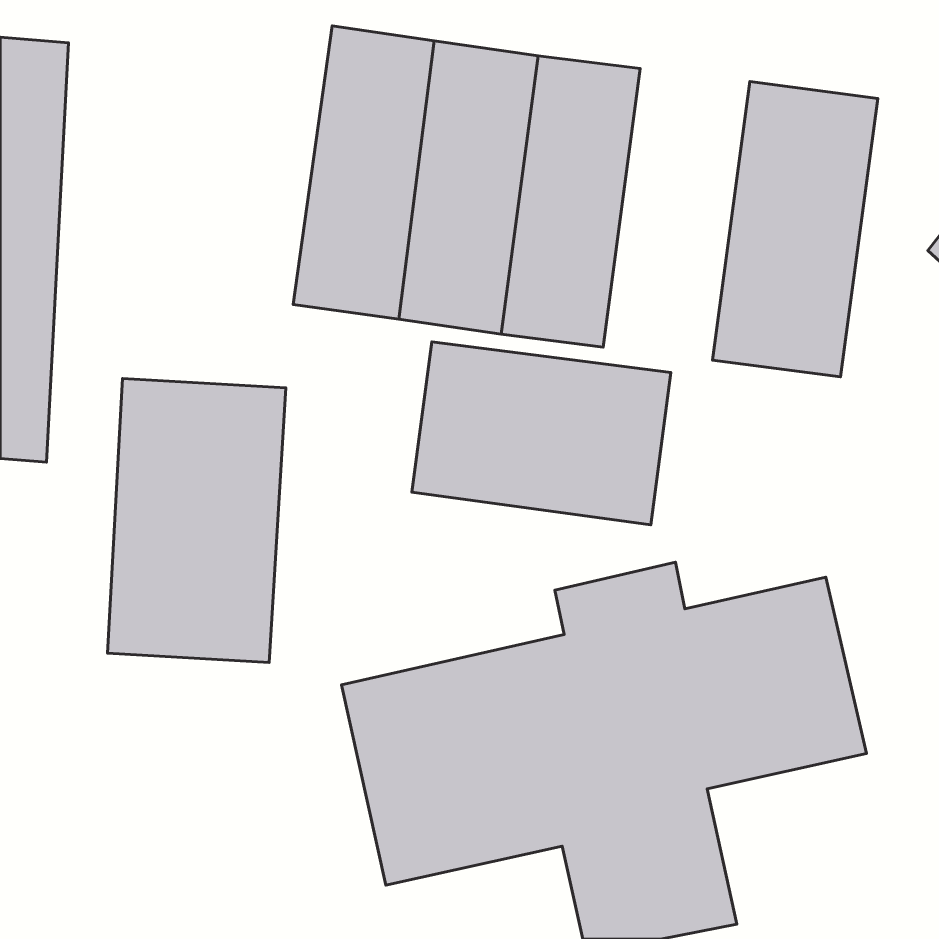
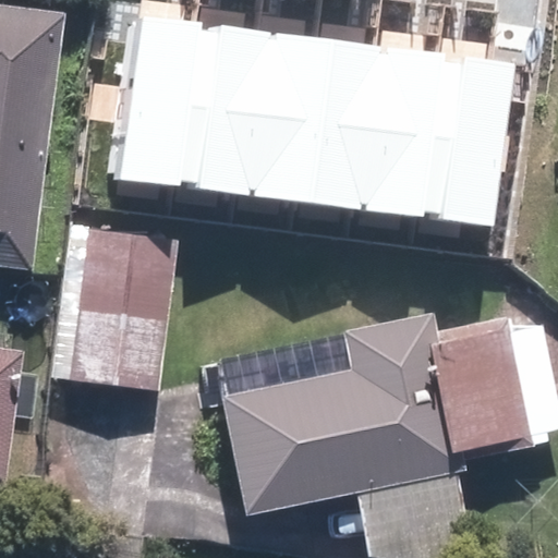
building: none -> [116,8,201,179]
building: none -> [360,40,446,211]
building: [412,342,671,525] -> none

